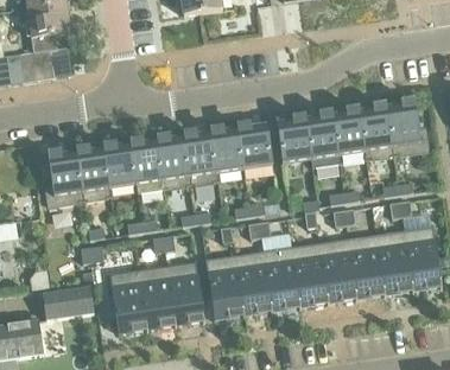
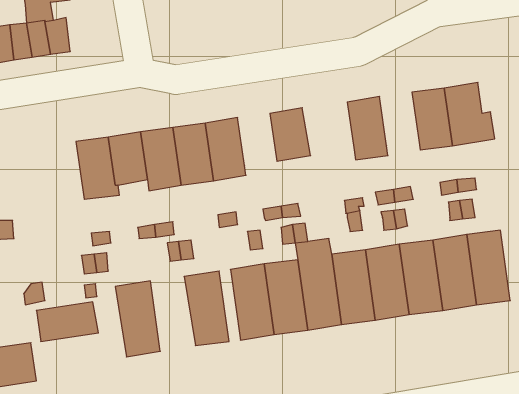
building: [331,109,365,154] -> none
building: [275,117,310,162] -> none
building: [211,127,245,171] -> none
building: [44,151,82,204] -> none
building: [138,264,176,327] -> none

